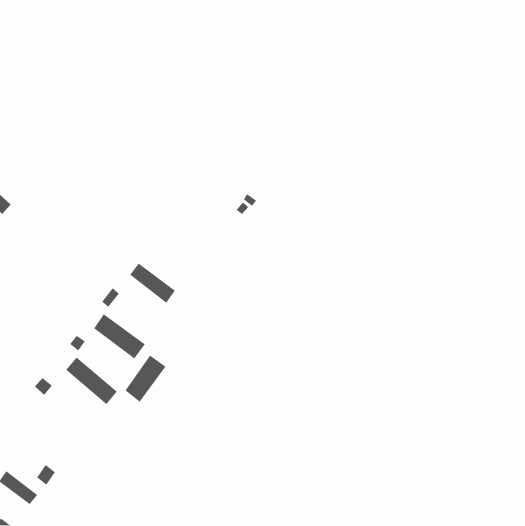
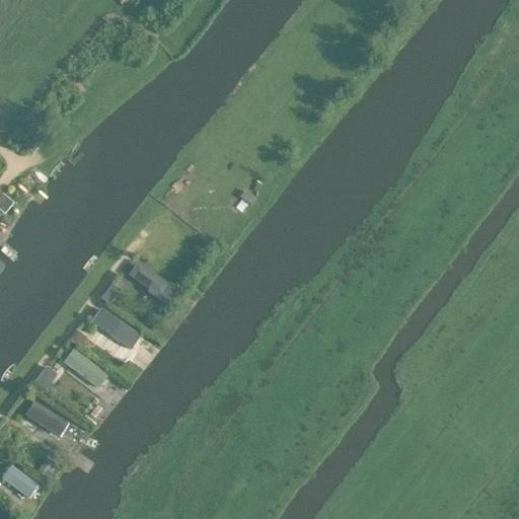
building: [124,355,166,403] -> none
building: none -> [25,400,72,441]

